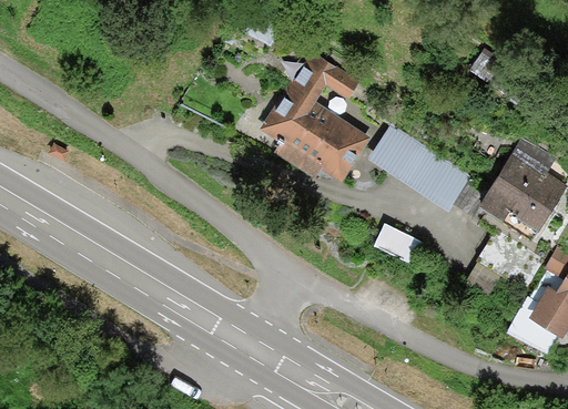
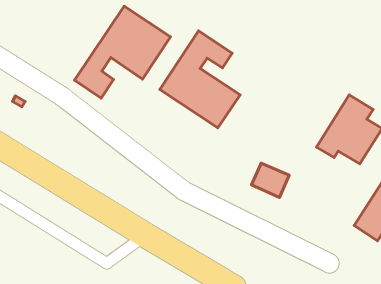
building: none -> [74,6,170,98]
building: [369,124,470,209] -> none

